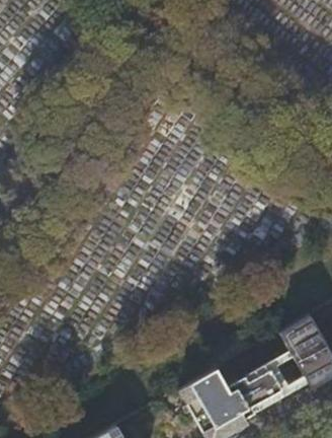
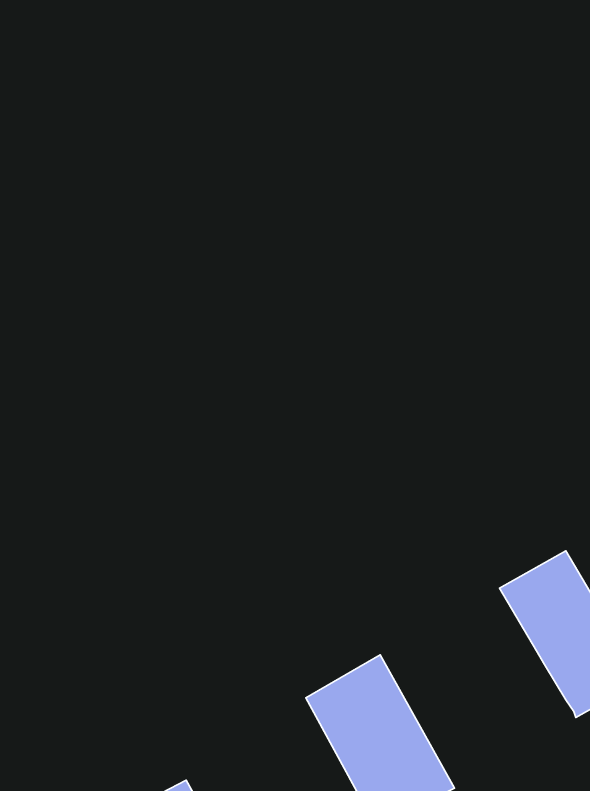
building: [227,354,307,422] -> none

